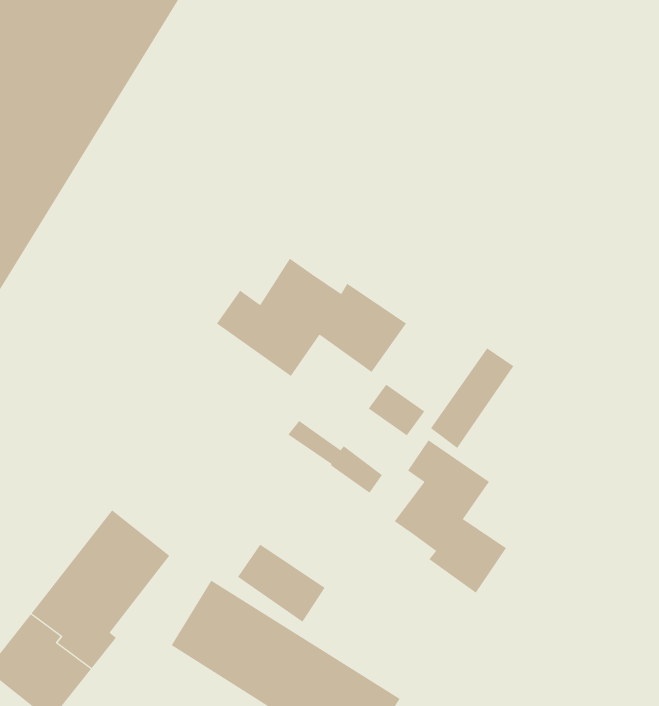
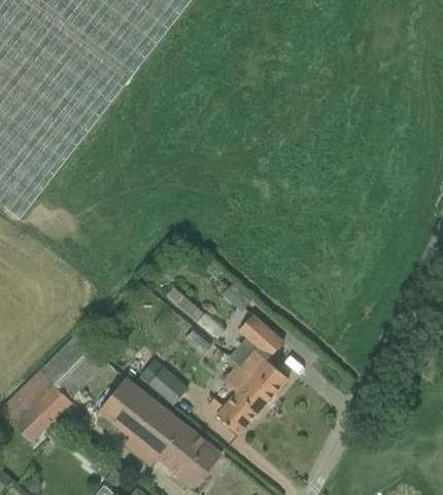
building: [216,258,407,377] -> none
building: [430,348,514,449] -> none
building: none -> [206,363,268,433]

